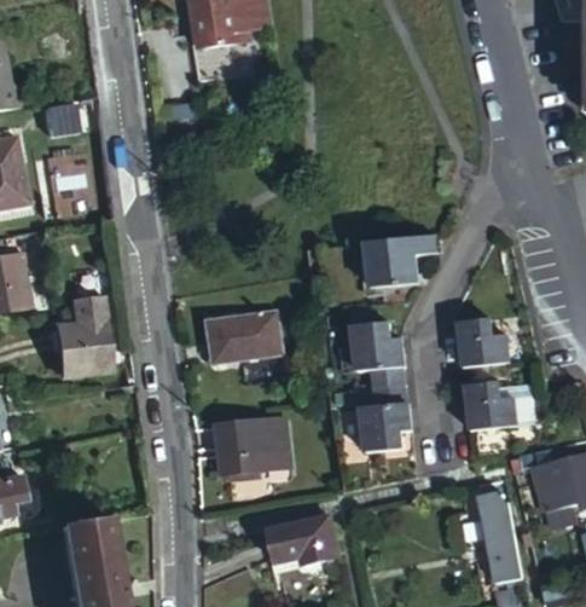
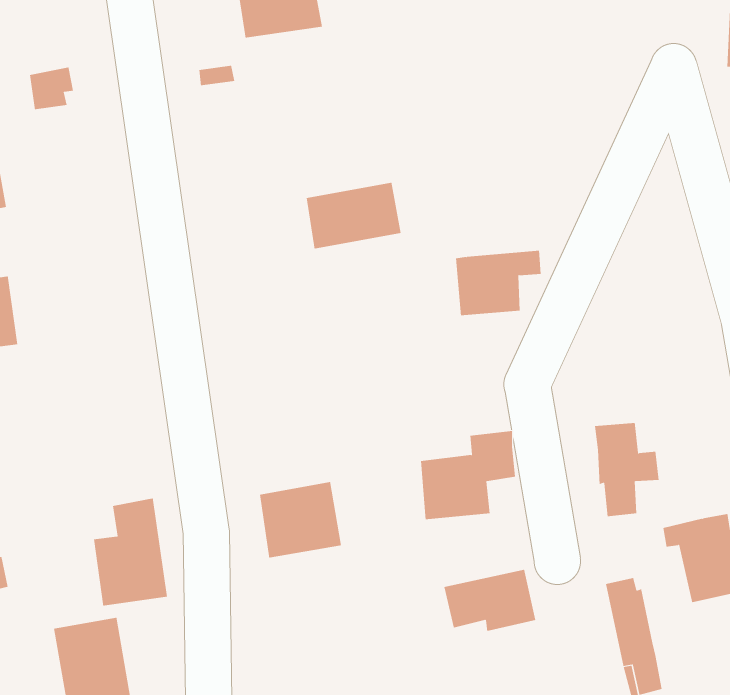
building: [59,294,116,376] -> [93,498,168,606]
building: [463,308,514,359] -> none
building: [211,312,284,363] -> [306,182,402,249]
building: [332,317,408,382] -> none
building: [269,518,340,565] -> [444,569,536,631]

